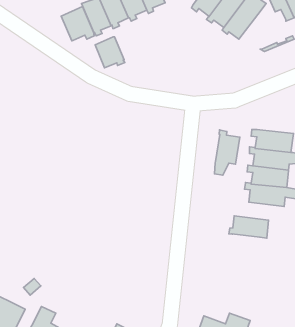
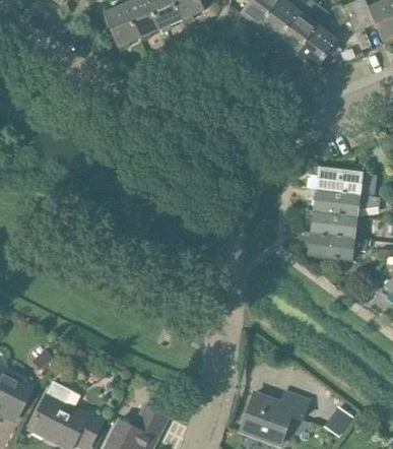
building: [61,7,94,41] -> none
building: none -> [293,24,338,69]
building: [95,37,125,68] -> none
building: [214,130,240,175] -> none
building: [229,216,268,238] -> none

